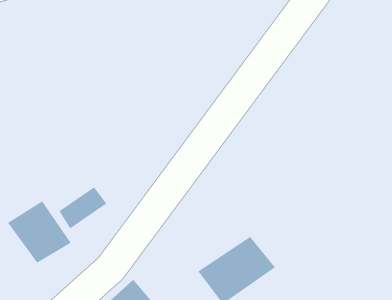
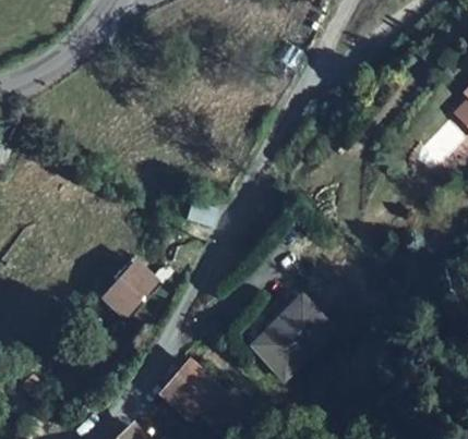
building: [7,200,71,263] -> none

